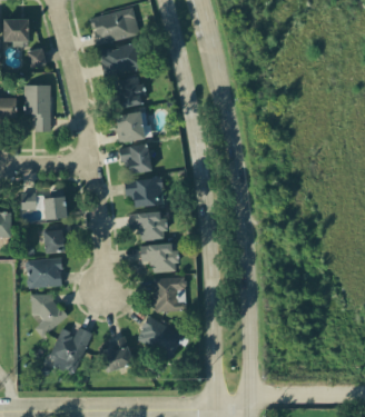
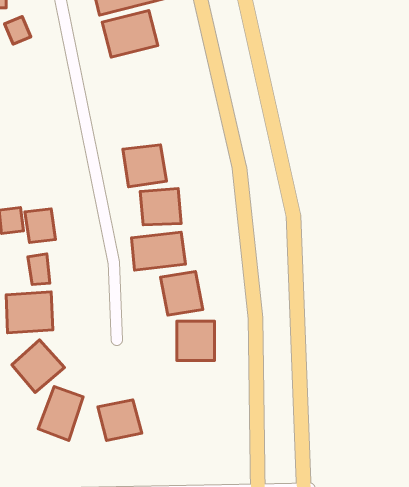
building: [114,77,142,108] -> none
building: [27,86,51,130] -> none
building: [112,109,148,143] -> none
building: [136,318,188,363] -> none

